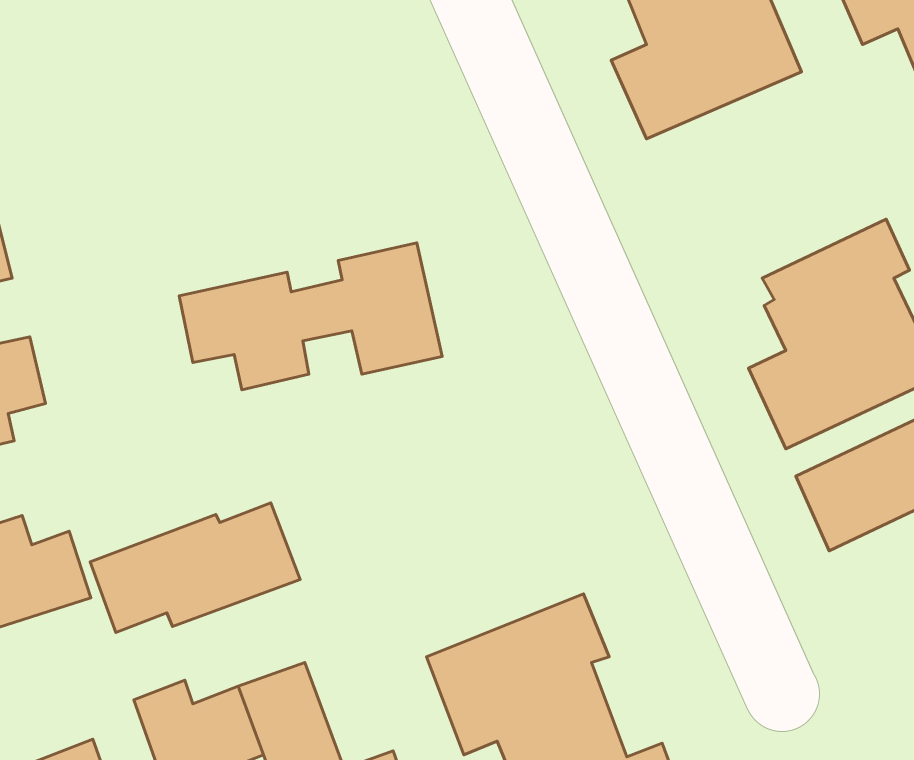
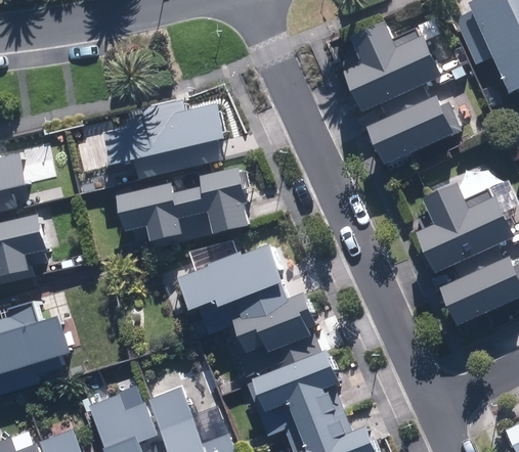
building: none -> [366,93,462,166]
building: none -> [100,103,226,178]
building: none -> [231,286,317,356]
building: [90,503,300,632] -> [176,245,286,313]

